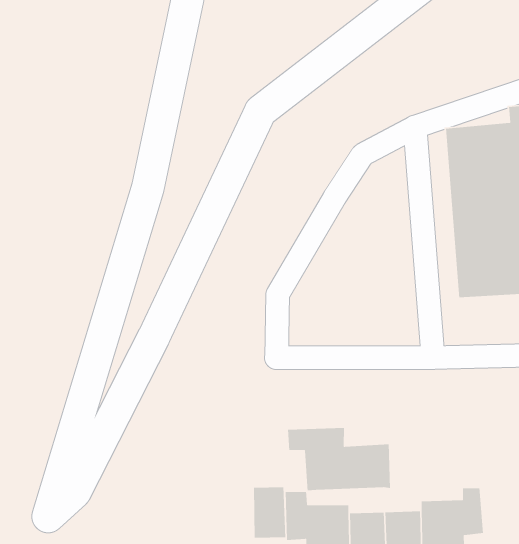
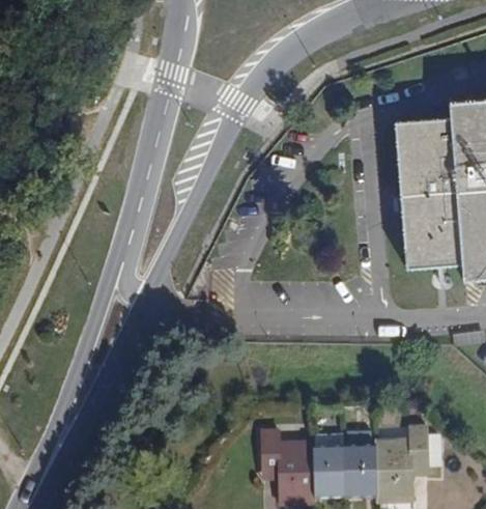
building: [287,427,391,491] -> none
building: [253,486,286,539] -> none

